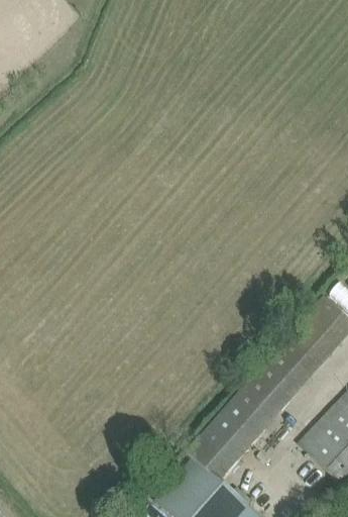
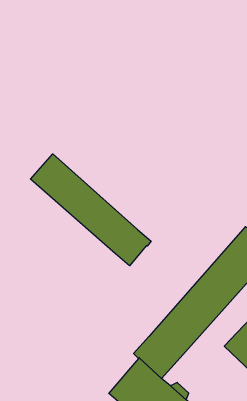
building: none -> [30,154,151,266]

